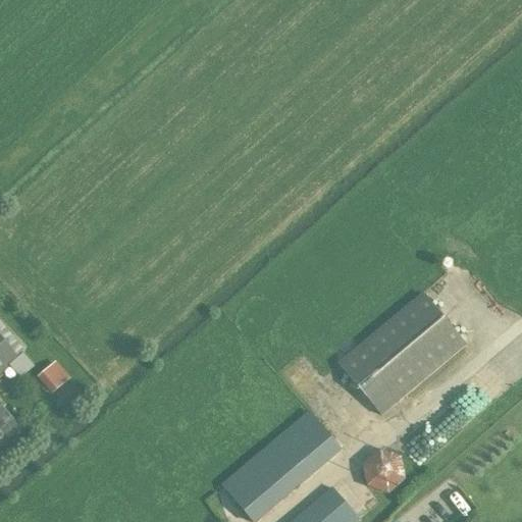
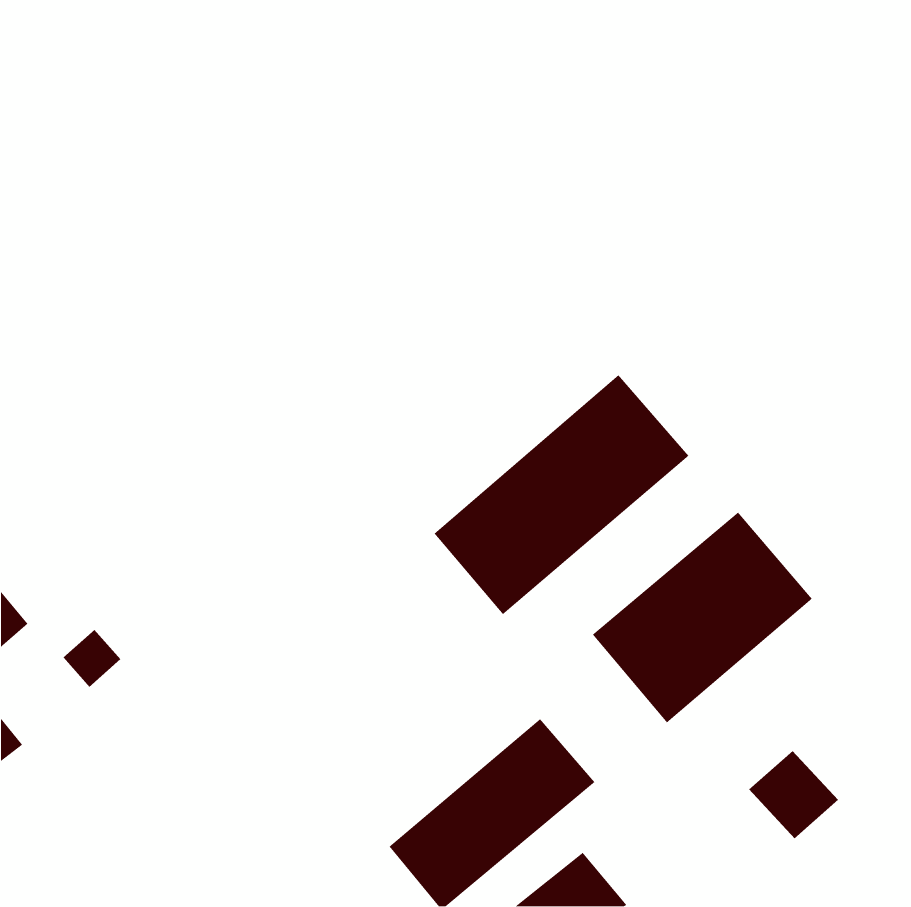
building: none -> [433,374,690,615]
building: [360,443,412,494] -> [748,750,839,839]

